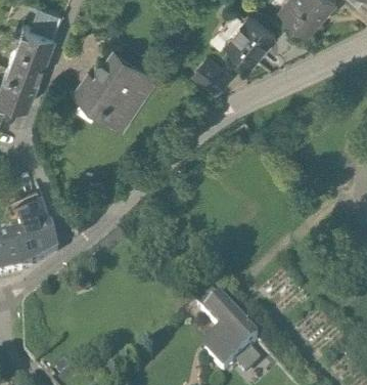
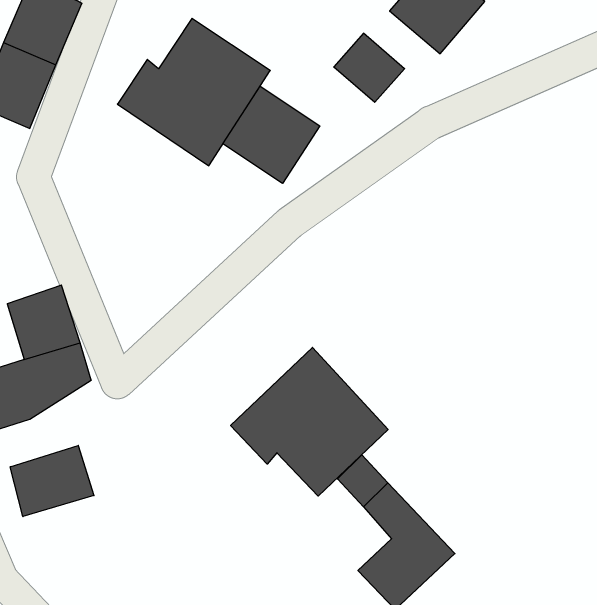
building: none -> [223,86,320,183]
building: none -> [231,347,388,496]
building: none -> [10,445,94,517]

